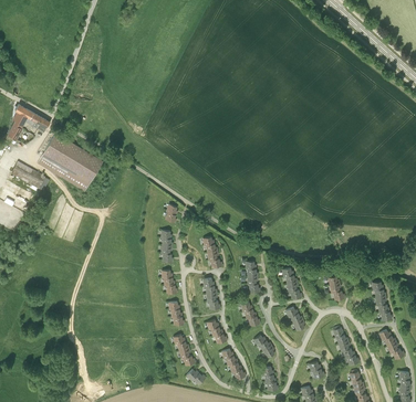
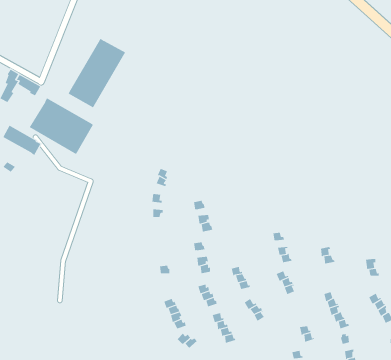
building: none -> [68,38,126,108]

